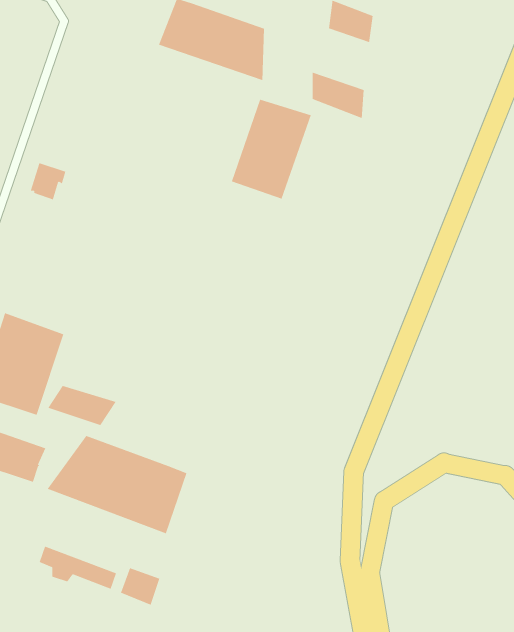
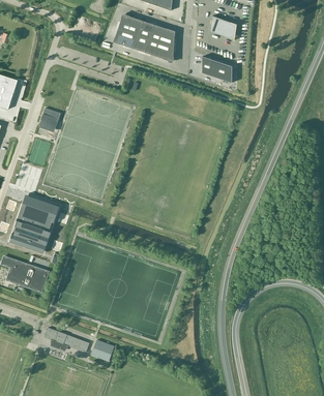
building: [231,99,312,199] -> none
building: [48,385,117,426] -> none
building: [47,435,187,534] -> none

